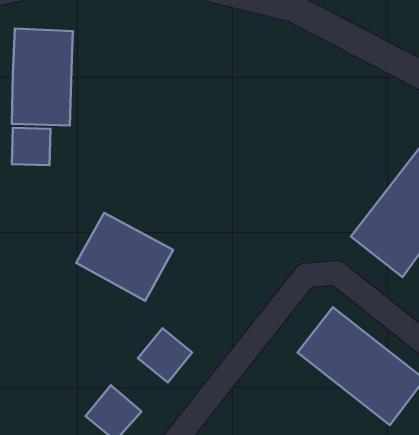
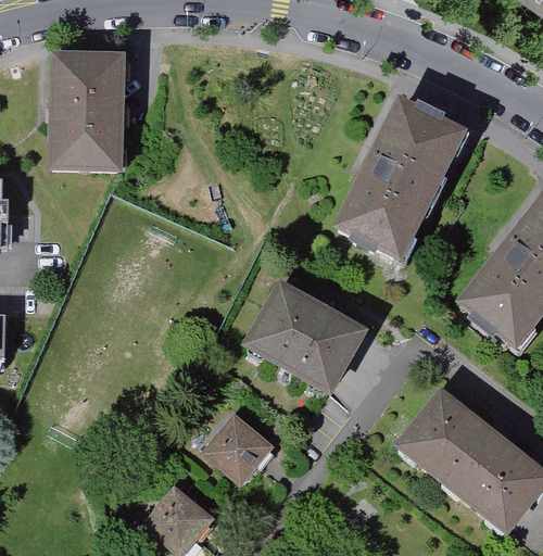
building: none -> [334,101,466,262]
building: [12,128,50,165] -> none
building: [76,213,173,301] -> [247,283,363,389]

